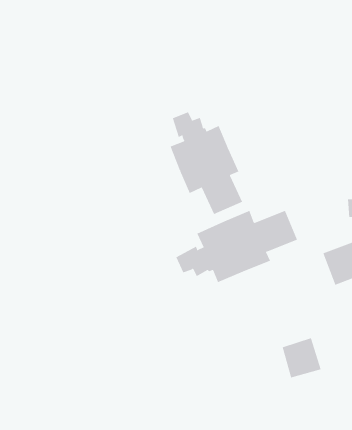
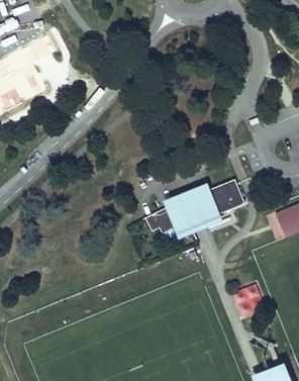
building: [170,111,243,215] -> none

